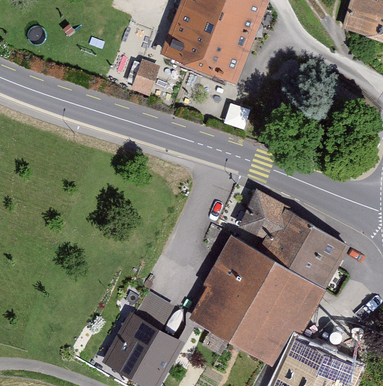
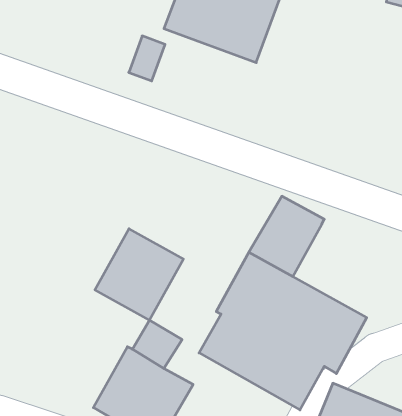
building: [266,212,348,289] -> none
building: none -> [95,229,183,320]

